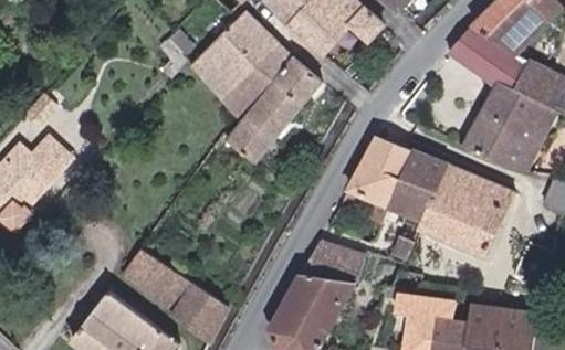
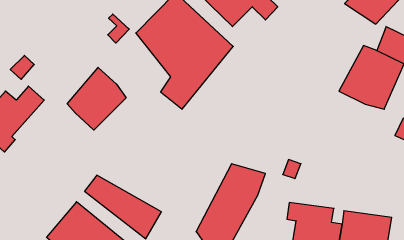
building: [448,24,526,87] -> none
building: none -> [67,67,126,130]
building: [348,135,514,258] -> none

